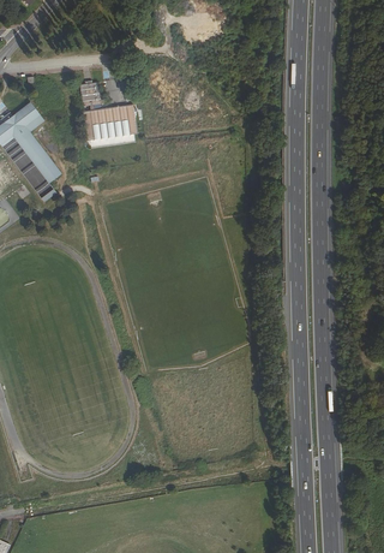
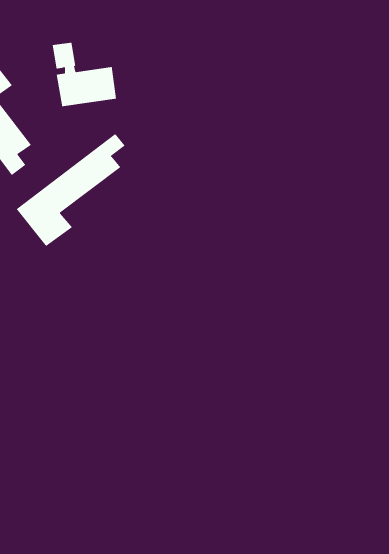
building: none -> [16,133,125,247]

